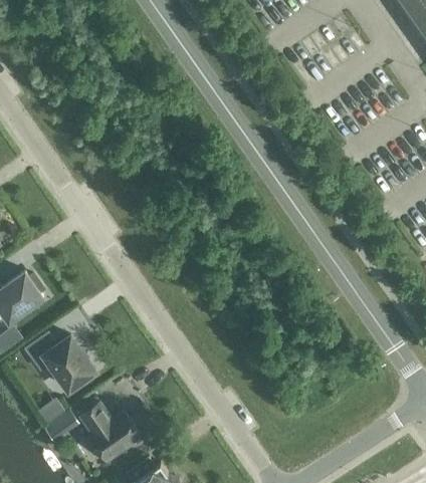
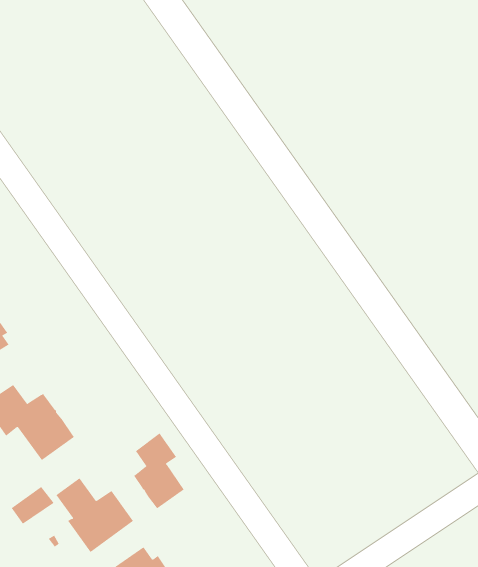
building: none -> [133,433,185,509]

